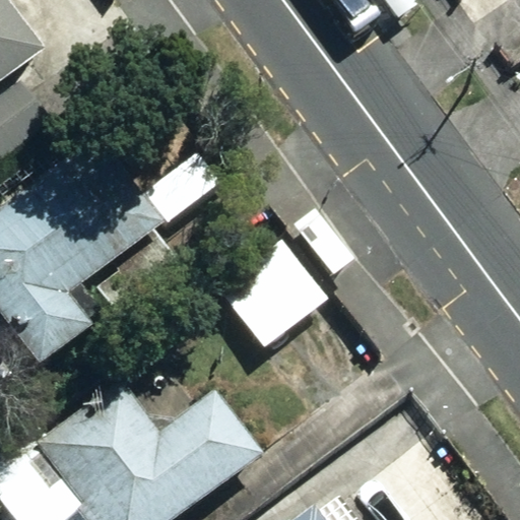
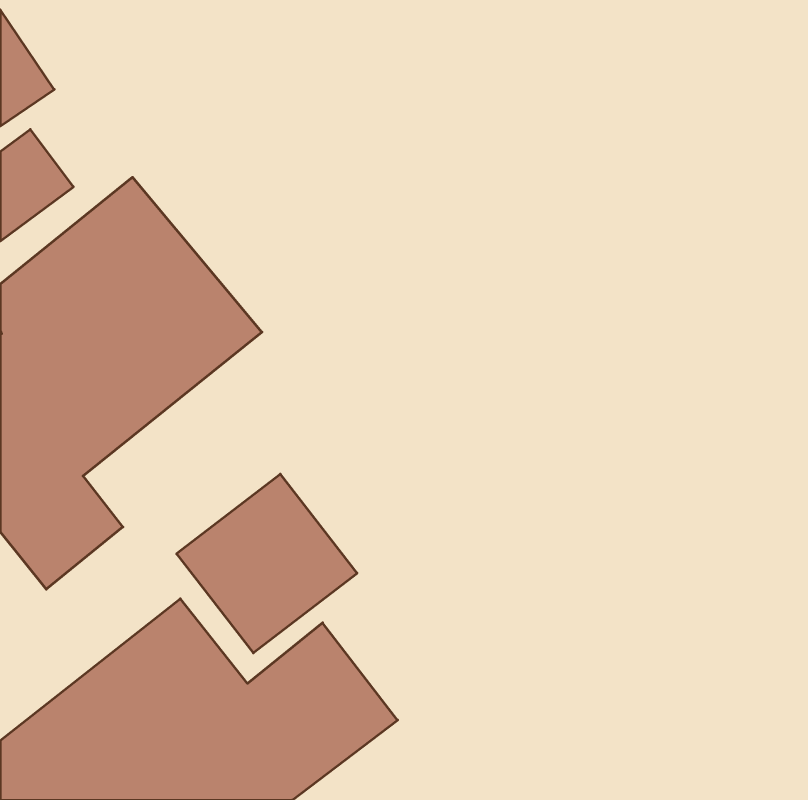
building: [213,236,328,349] -> [177,474,357,653]

